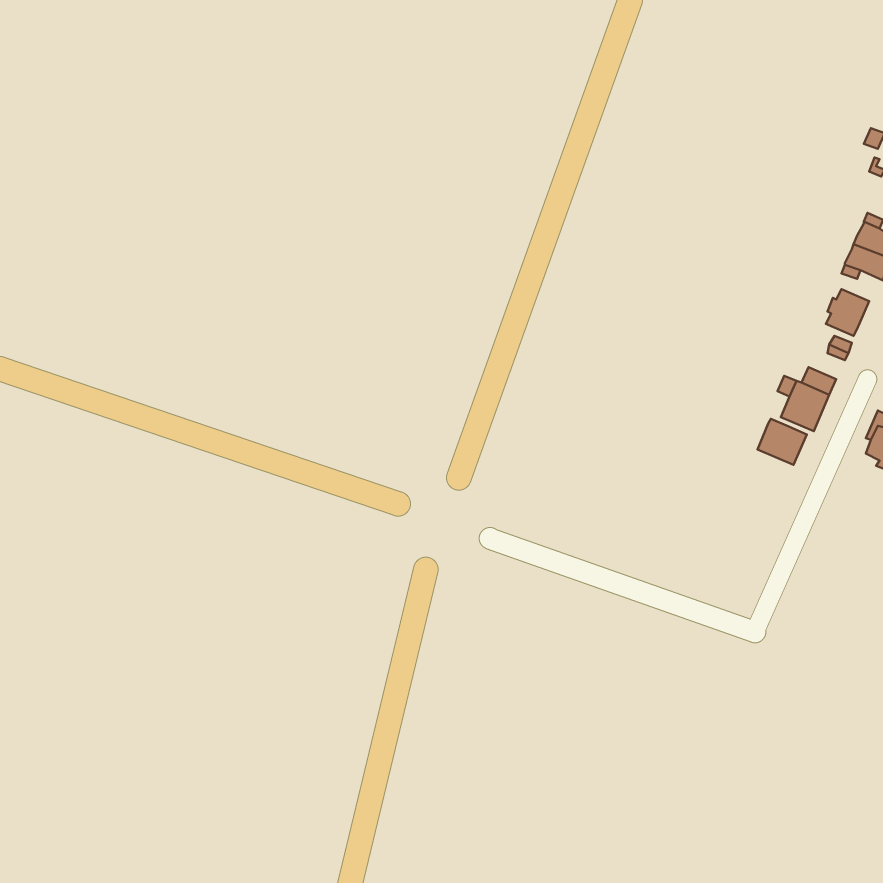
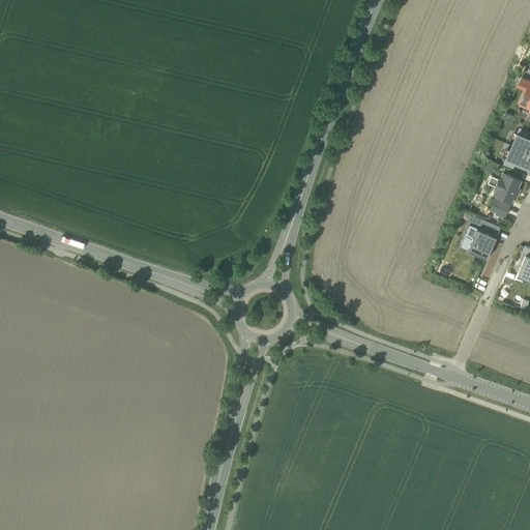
building: [757,419,807,465] -> none

